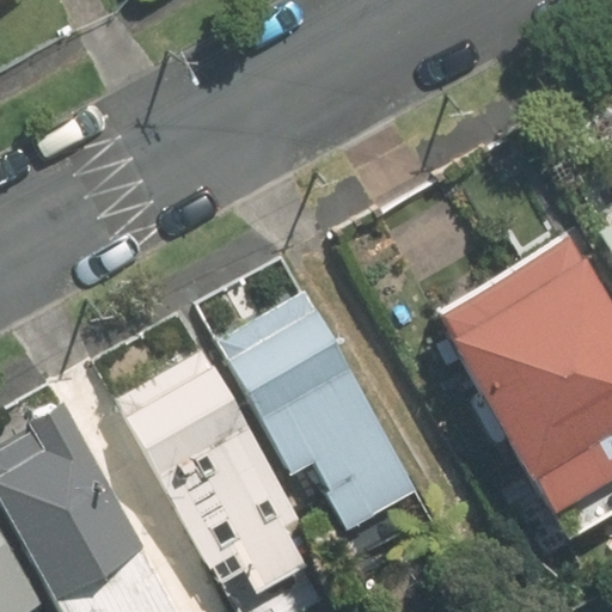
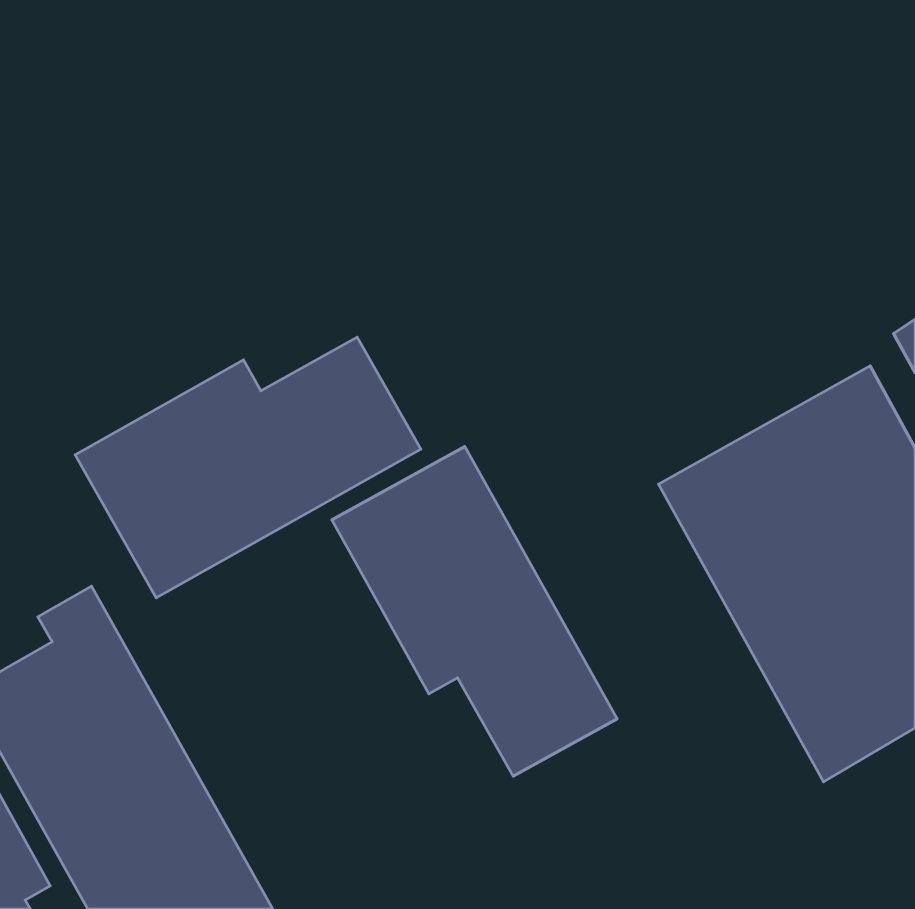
building: none -> [75,337,421,598]
building: [117,354,305,582] -> none

